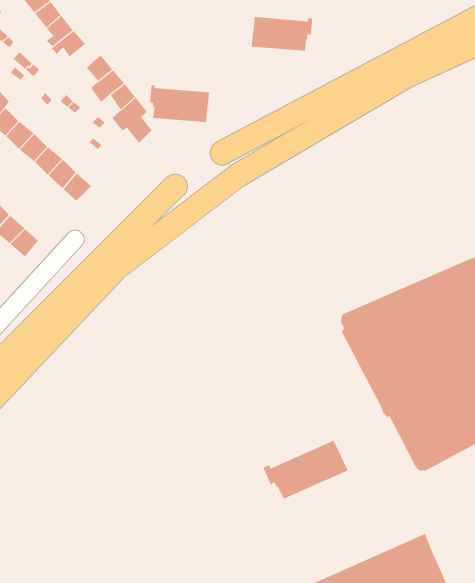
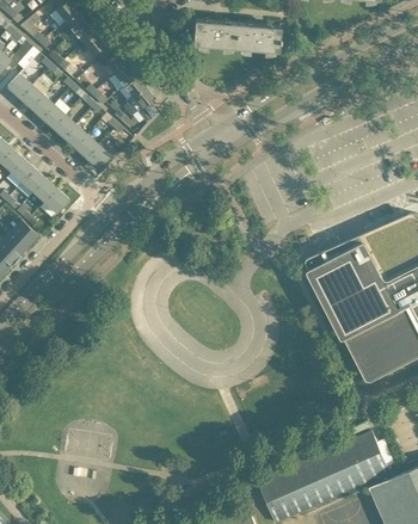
building: [149,85,210,123] -> [190,18,238,48]
building: [262,440,348,500] -> none

